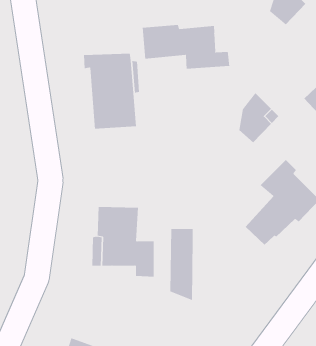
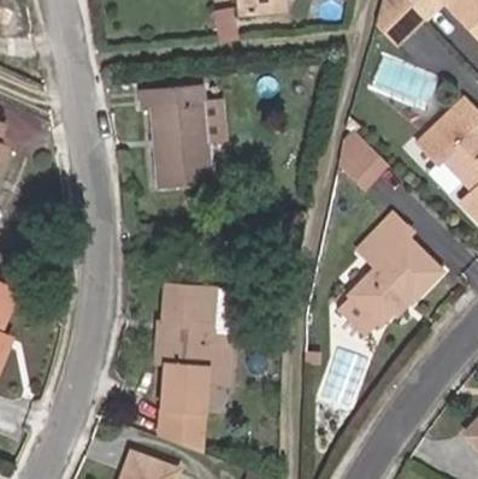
building: [142,24,230,69] -> none
building: [169,228,194,301] -> [173,360,205,454]

